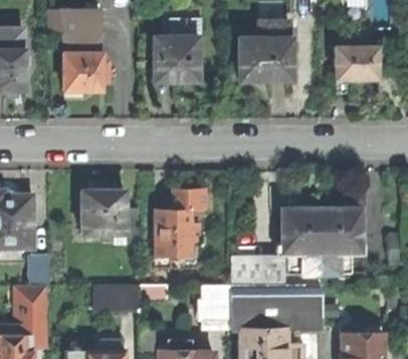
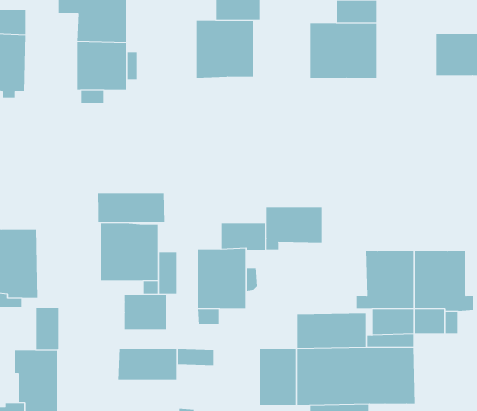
building: none -> [97,193,165,223]
building: none -> [266,207,322,251]
building: none -> [124,294,167,330]

